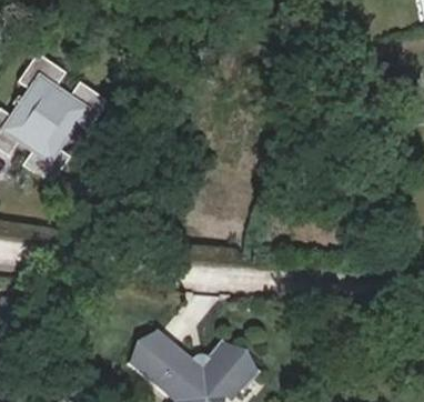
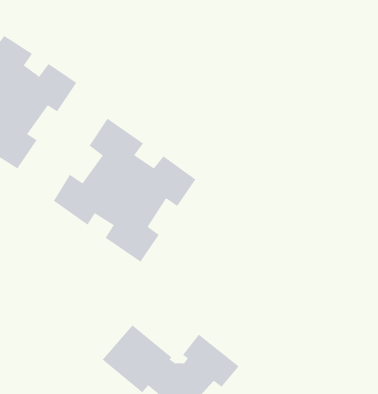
building: none -> [53,118,196,262]

